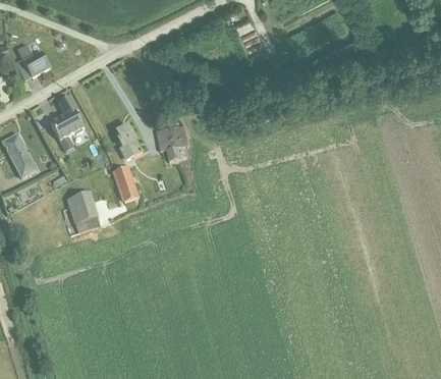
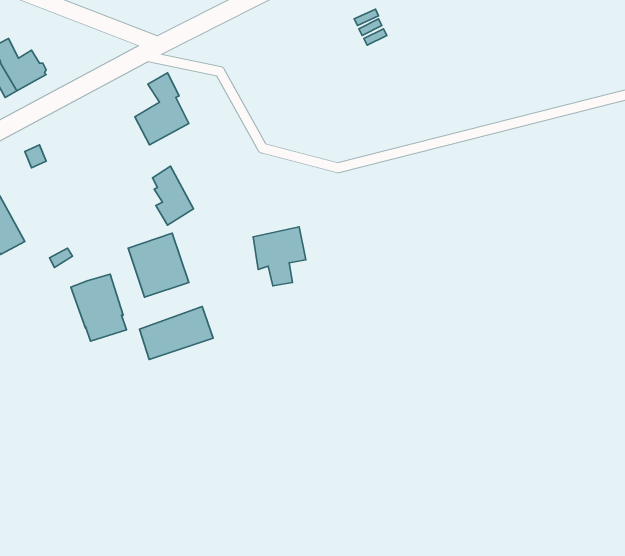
building: [50,96,84,141] -> [135,73,189,145]
building: [156,124,188,161] -> [253,227,306,286]
building: none -> [140,307,213,360]

